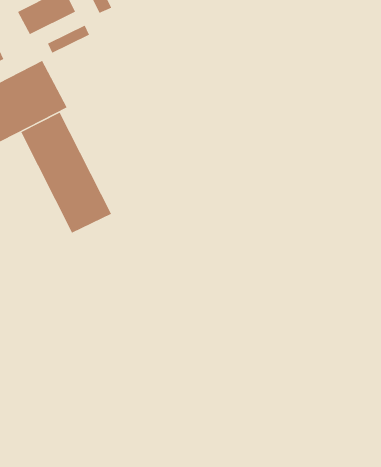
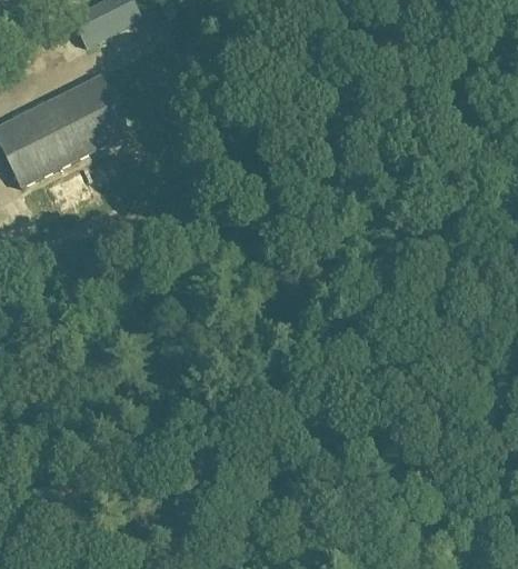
building: [20,112,112,233] -> none

